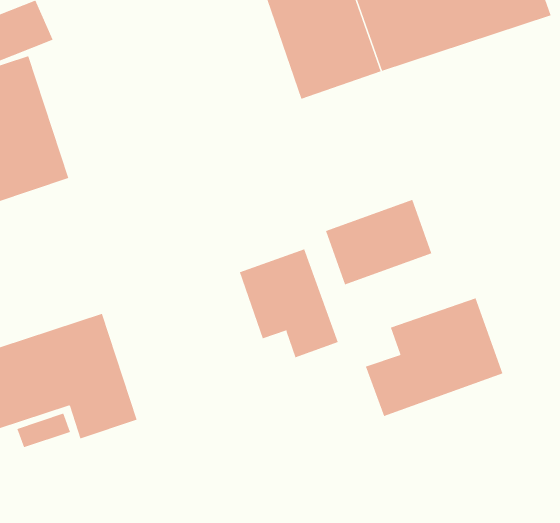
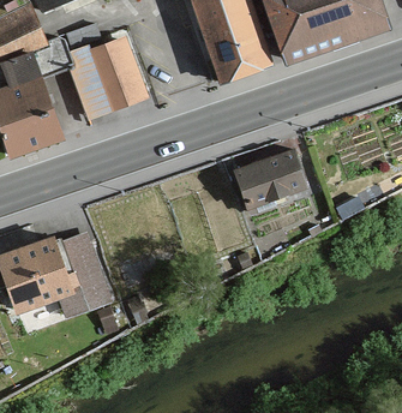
building: none -> [65,35,146,116]
building: [239,248,338,358] -> none
building: [365,298,503,417] -> none

